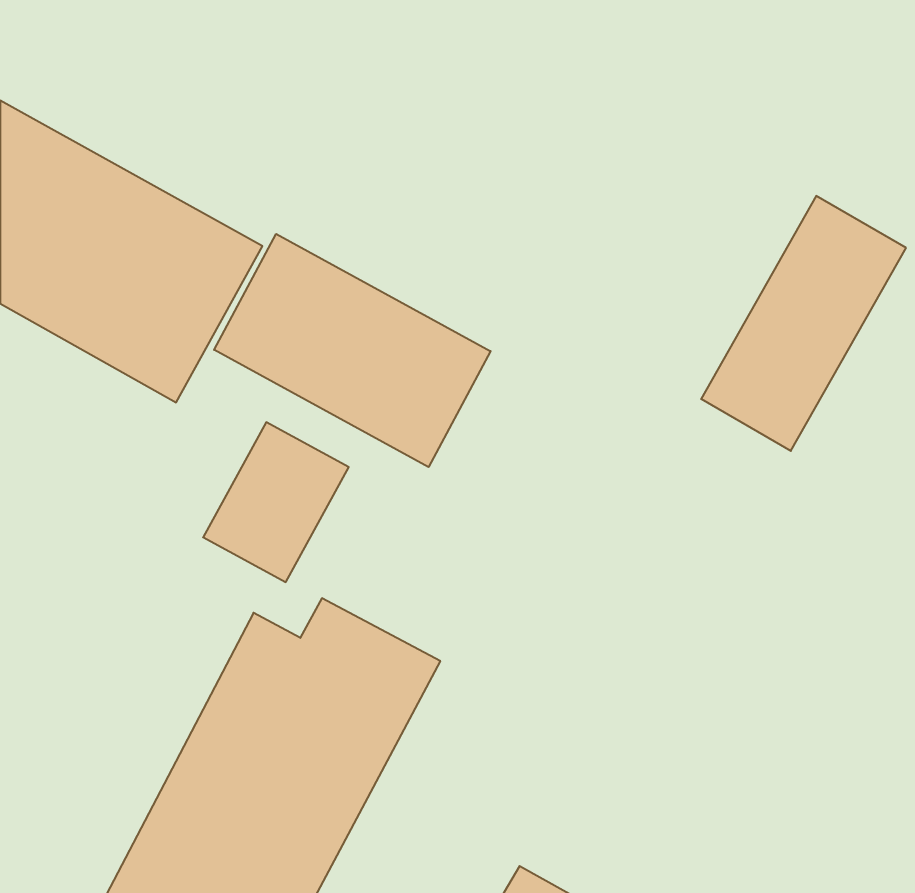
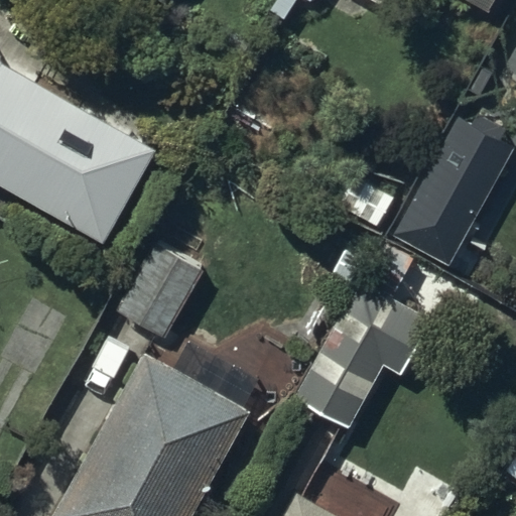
building: [214,234,491,467] -> none
building: none -> [300,280,432,423]

